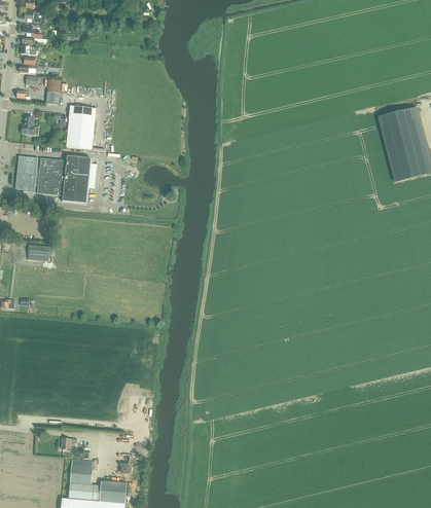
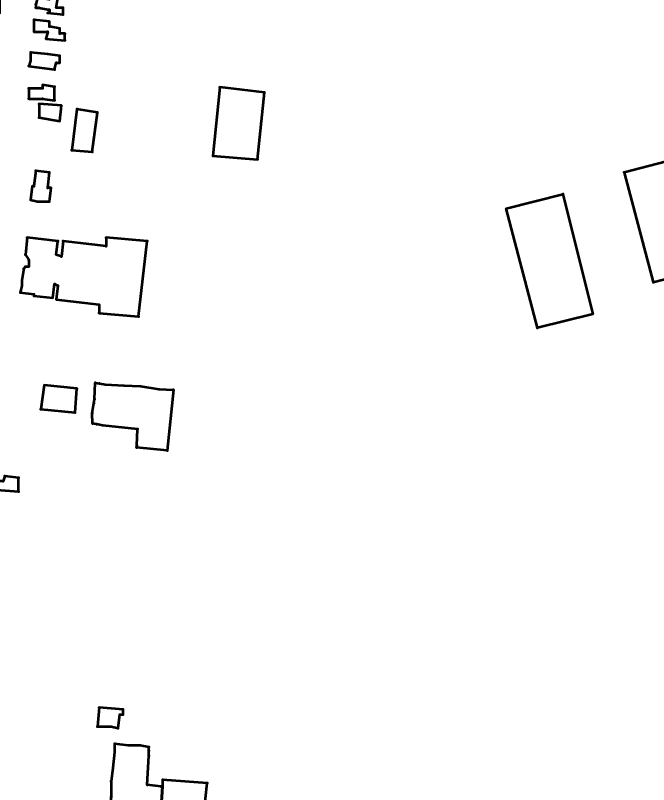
building: [65,105,96,148] -> [213,87,264,159]
building: none -> [506,194,593,328]
building: none -> [92,383,173,451]

